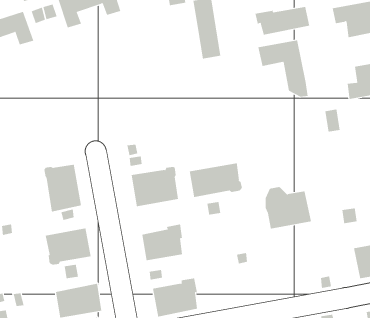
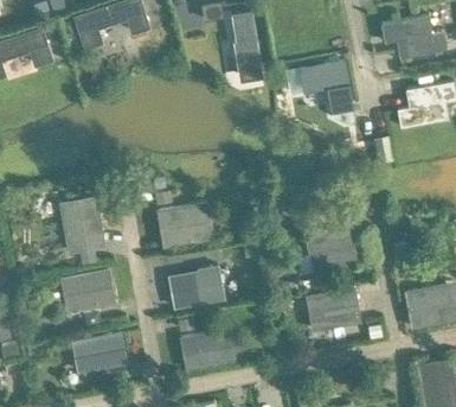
building: [255,6,310,36] -> none
building: [189,163,242,198] -> none
building: none -> [307,287,360,330]

